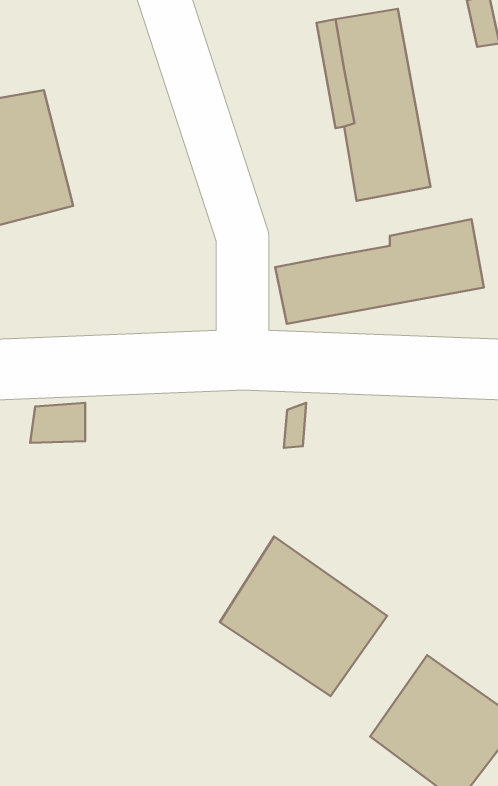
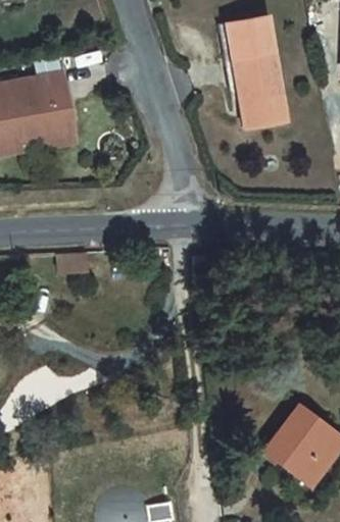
building: [275,219,484,324] -> none
building: [220,536,387,696] -> none

